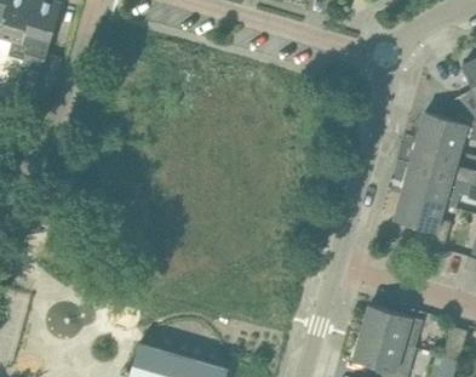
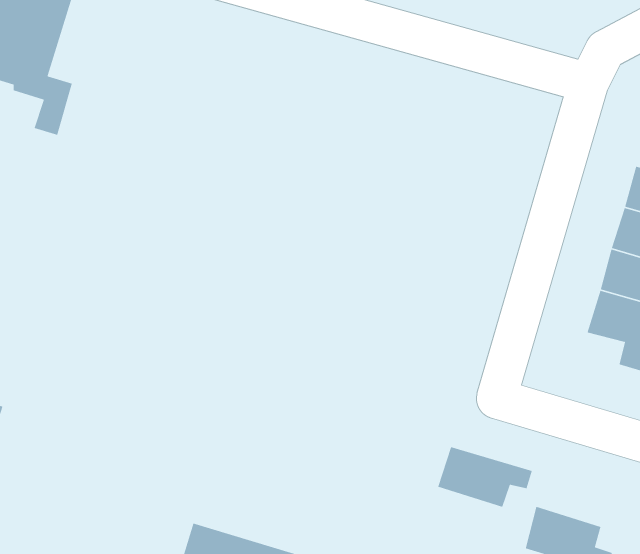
building: [361,304,423,344] -> [437,446,533,508]

